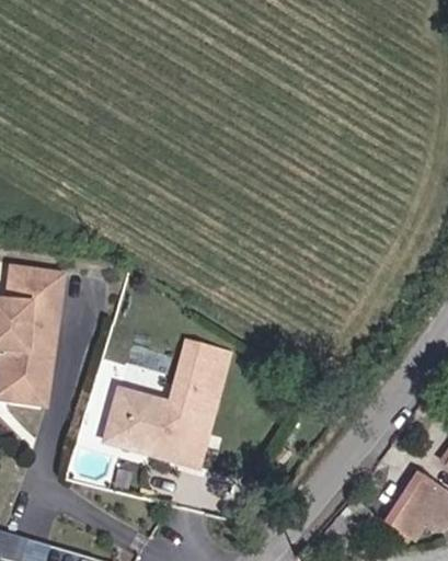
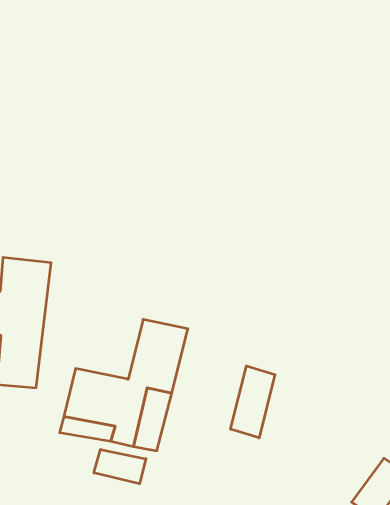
building: none -> [231,366,275,438]
building: none -> [94,449,146,484]

